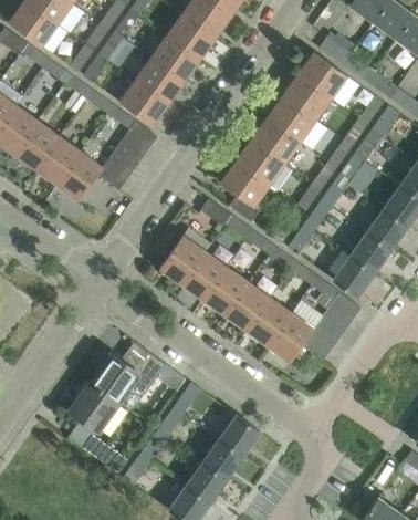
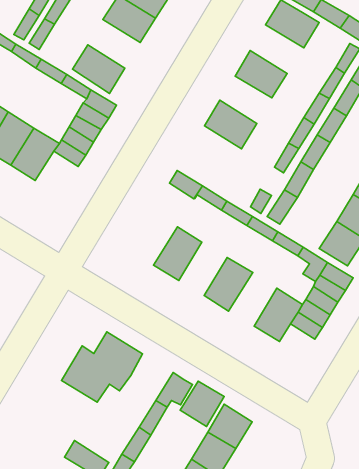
building: [135,59,182,104] -> none
building: [282,74,331,119] -> none
building: [251,118,299,163] -> none
building: [220,162,268,222] -> none
building: [159,236,205,284] -> none
building: [202,267,248,315] -> none
building: [245,298,291,346] -> none
building: [69,383,121,434] -> none
building: none -> [180,381,224,427]

